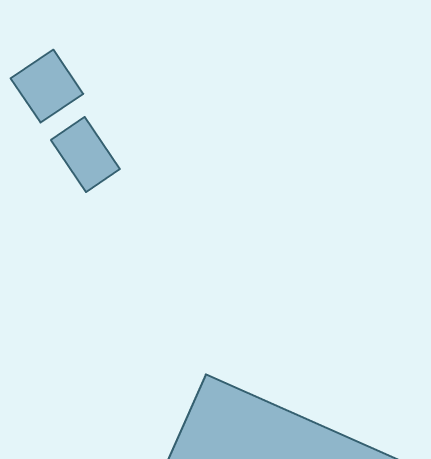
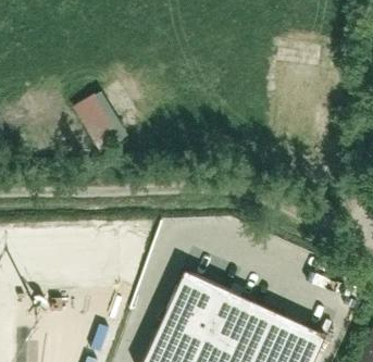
building: [11,50,83,123] -> none

